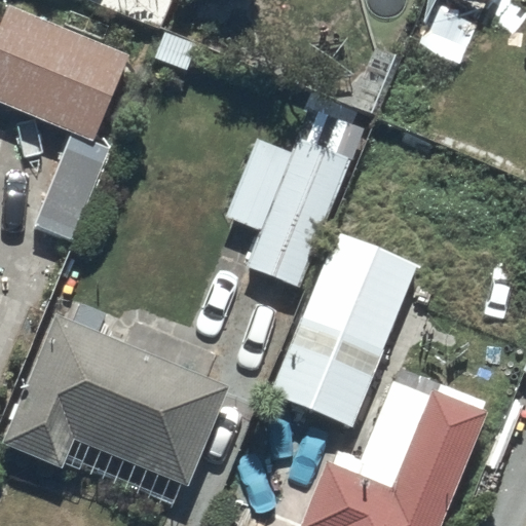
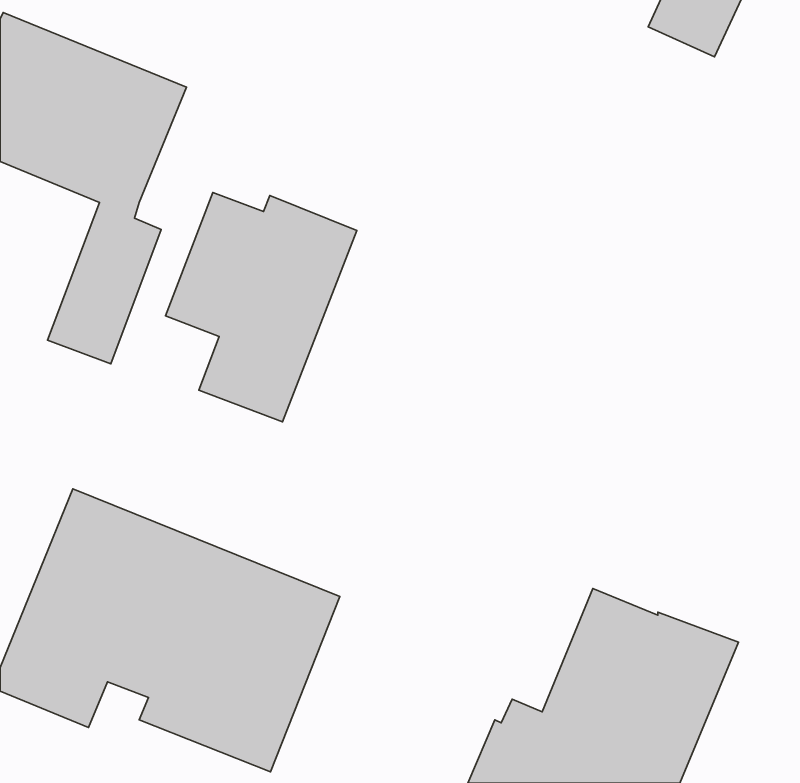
building: [226,135,350,284] -> [165,192,357,422]
building: [270,233,417,425] -> none

